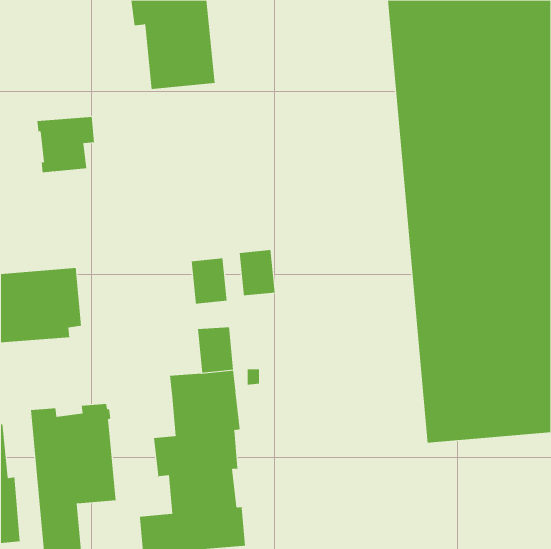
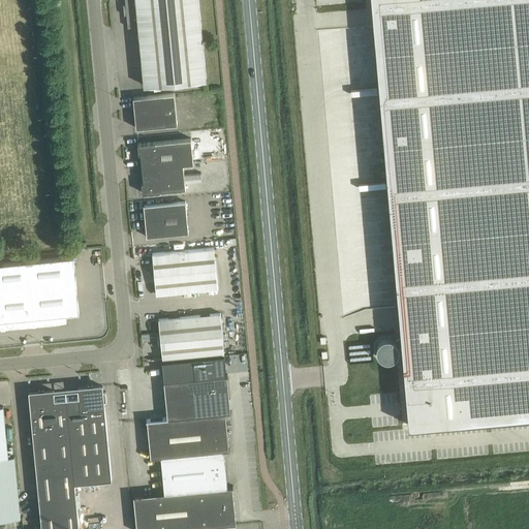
building: none -> [133,95,178,130]
building: [37,117,95,173] -> [137,141,193,194]
building: none -> [144,204,188,239]
building: [239,250,275,296] -> [152,252,187,297]
building: none -> [158,317,193,362]

